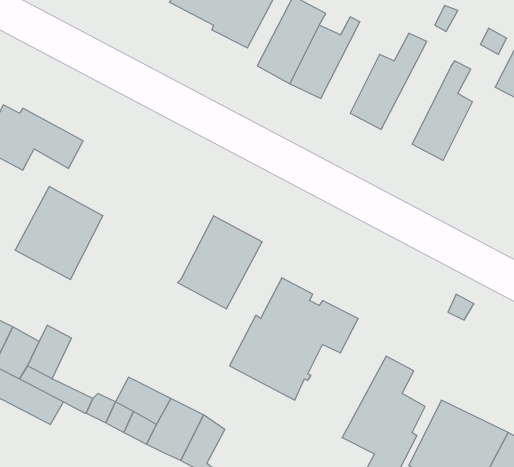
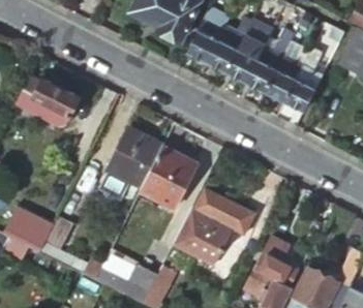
building: none -> [229,24,272,82]
building: none -> [267,42,311,101]
building: [15,186,103,279] -> [104,128,160,187]

